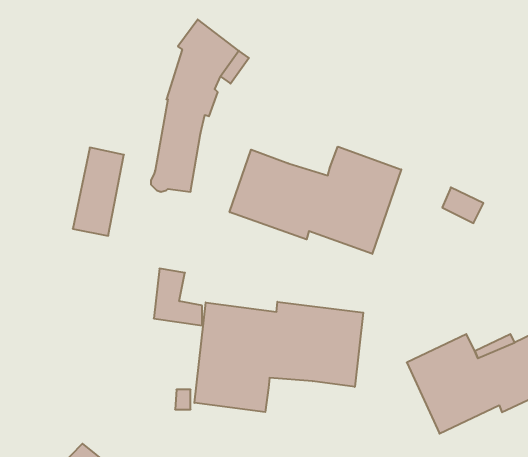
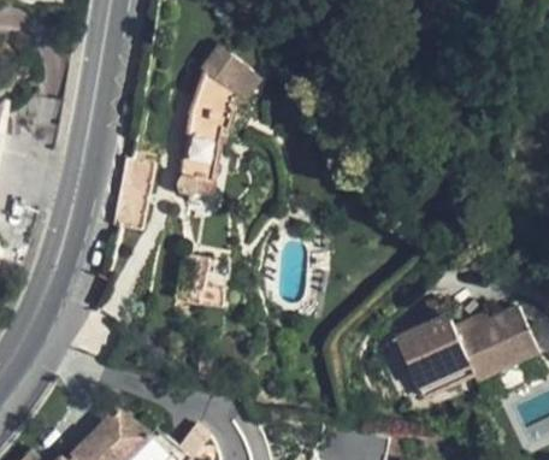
building: [230,147,401,254] -> none
building: [194,302,363,412] -> none

